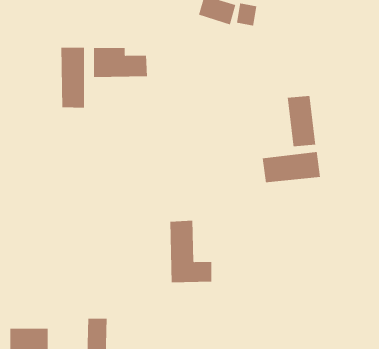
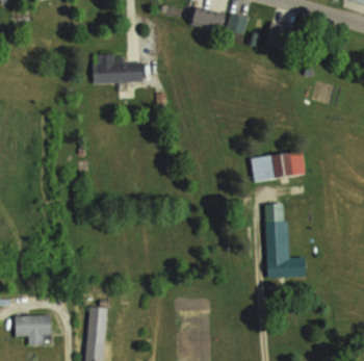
building: [61,47,84,108] -> none
building: [287,95,316,147] -> none
building: [170,220,212,283] -> [266,221,306,279]

